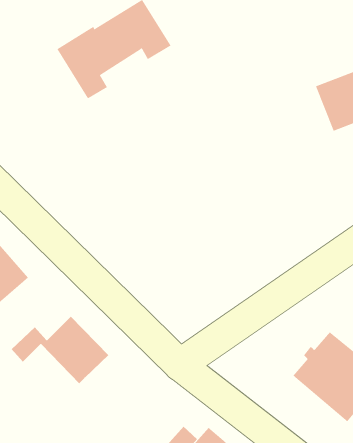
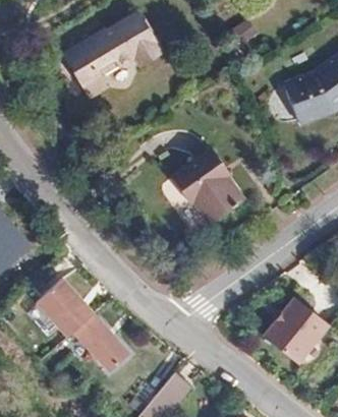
building: none -> [169,153,240,227]
building: none -> [84,316,143,374]

